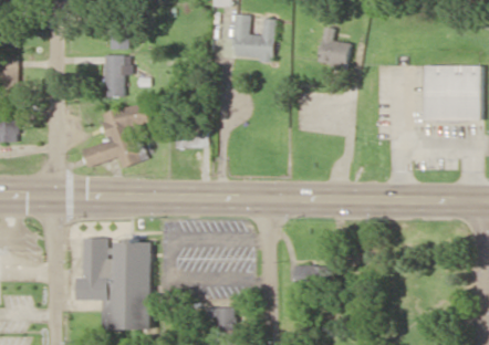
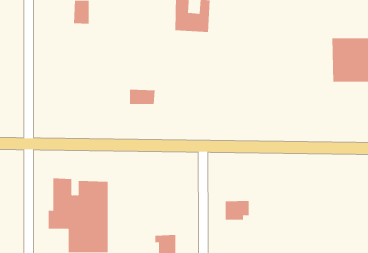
building: [319,27,351,66] -> none
building: [103,55,129,98] -> none
building: [81,103,147,167] -> none

